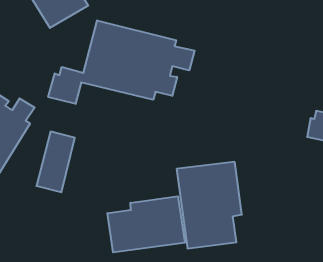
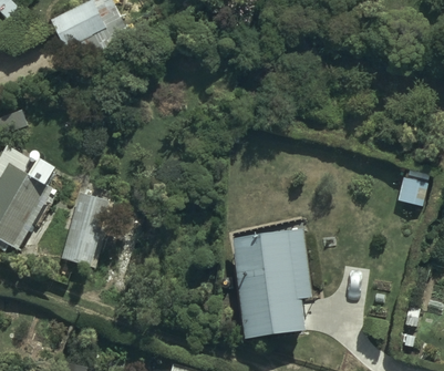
building: [48,20,195,104] -> none
building: [107,196,185,252] -> none

